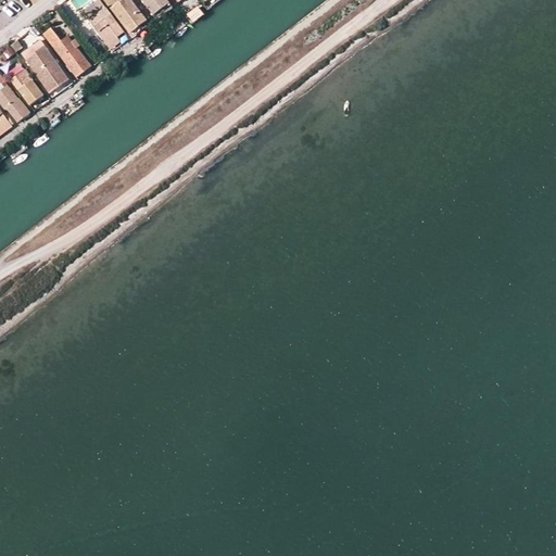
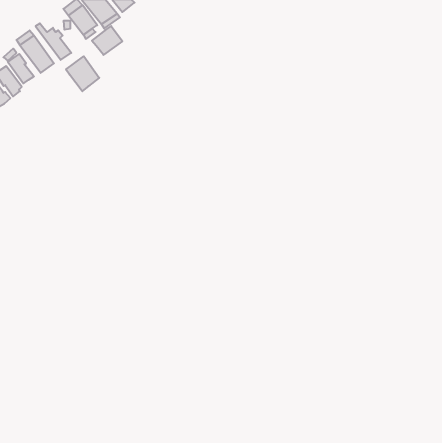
building: none -> [92,26,122,55]
building: none -> [66,56,99,91]

